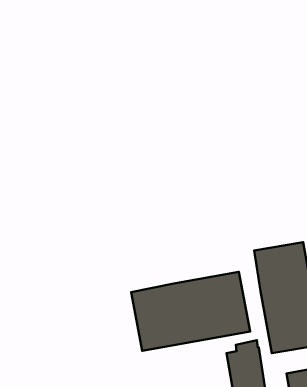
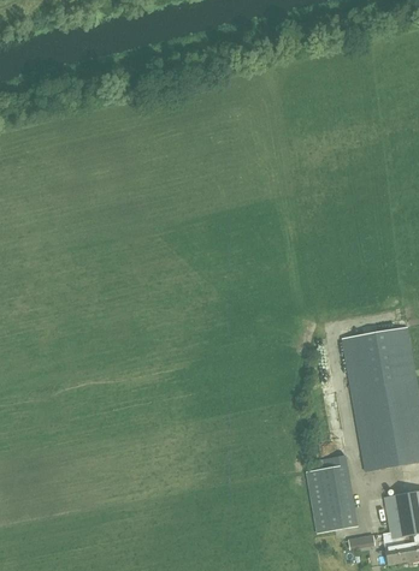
building: [131,272,250,351] -> none

